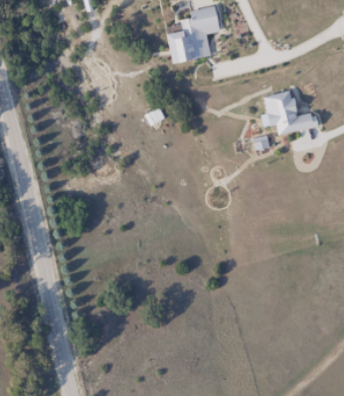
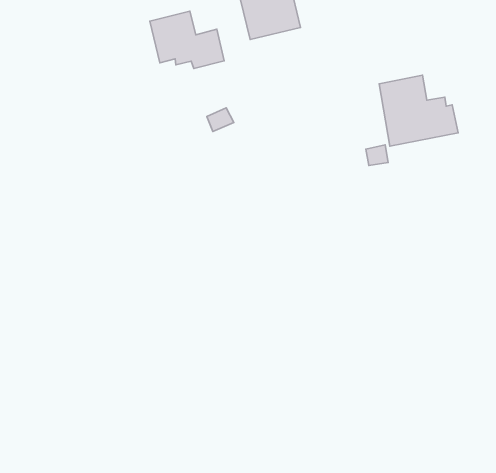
building: none -> [150,11,224,69]

